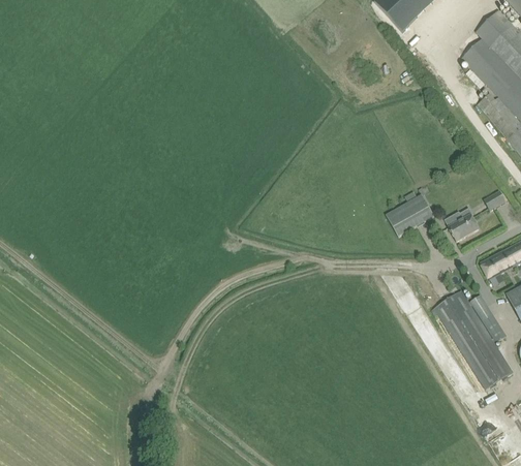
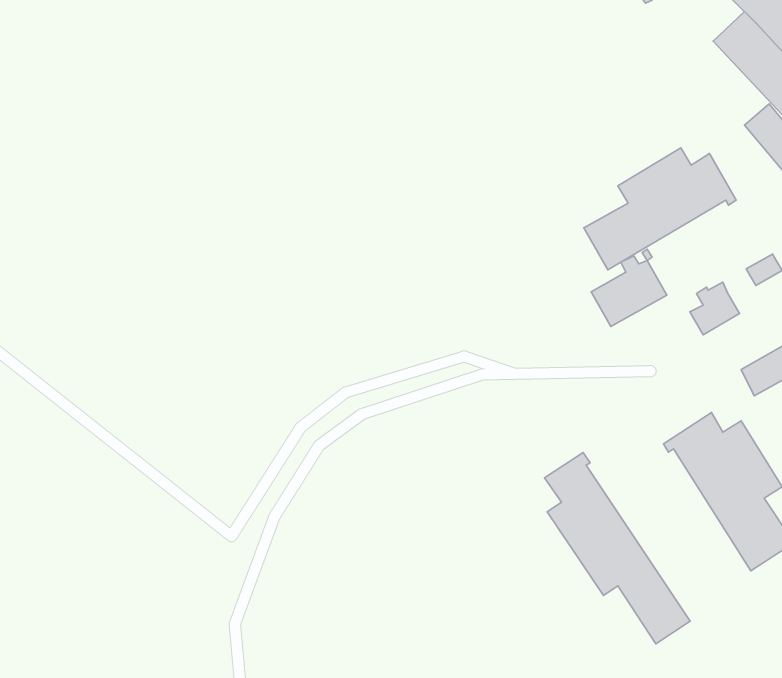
building: none -> [584,148,736,270]
building: none -> [545,452,690,644]

